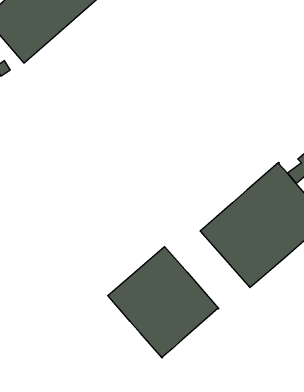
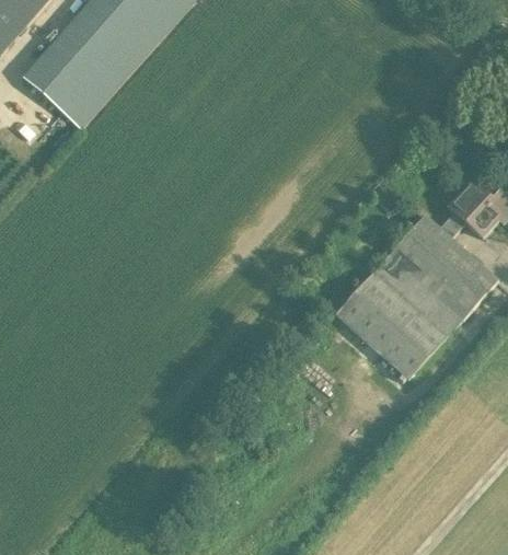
building: [108,247,219,358] -> none

